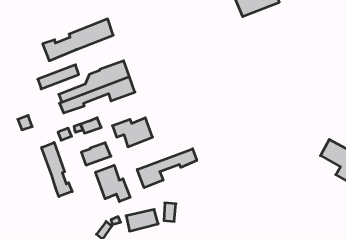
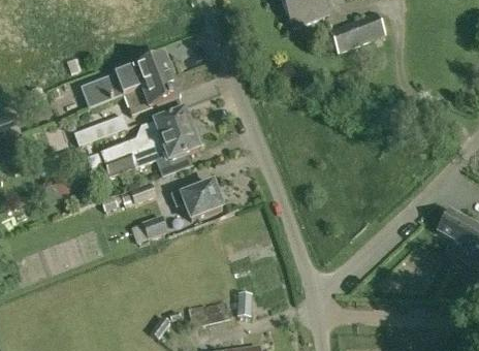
building: none -> [124,75,180,115]
building: [42,142,72,197] -> none
building: [137,149,197,188] -> none
building: [96,165,130,202] -> none

